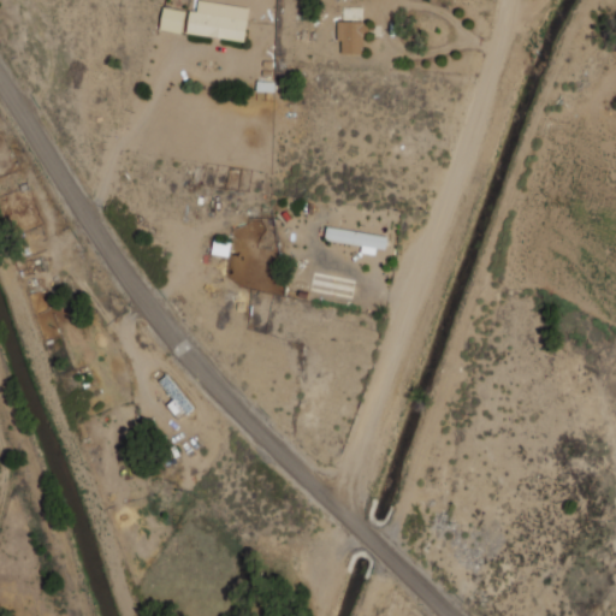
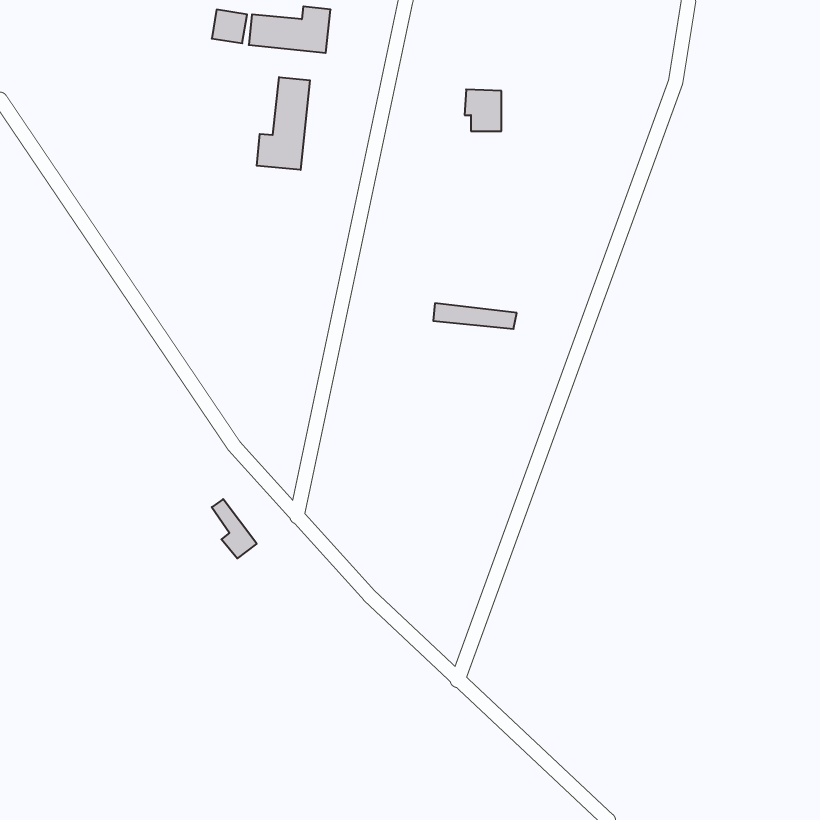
building: [336,22,363,53] -> [465,89,501,131]
building: none -> [257,77,310,170]

